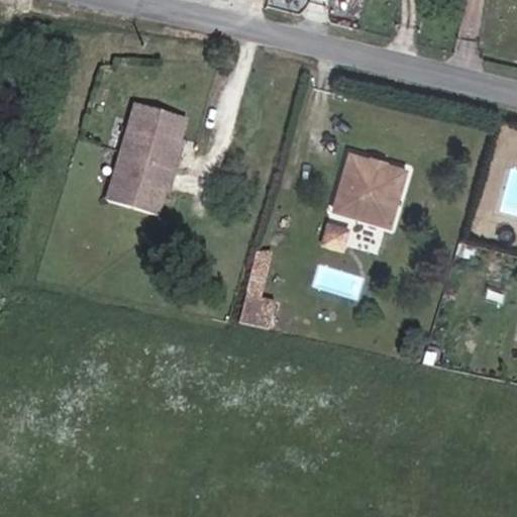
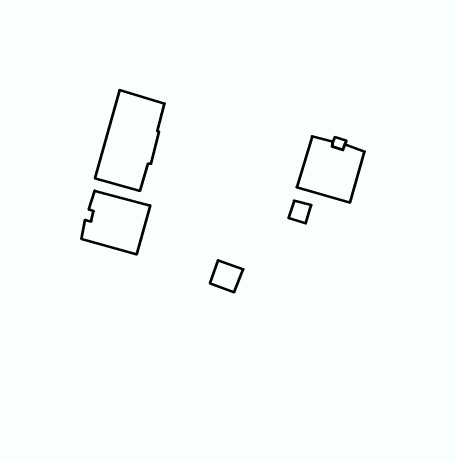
building: none -> [82,191,150,254]

